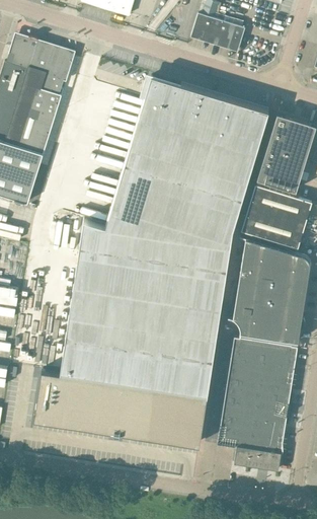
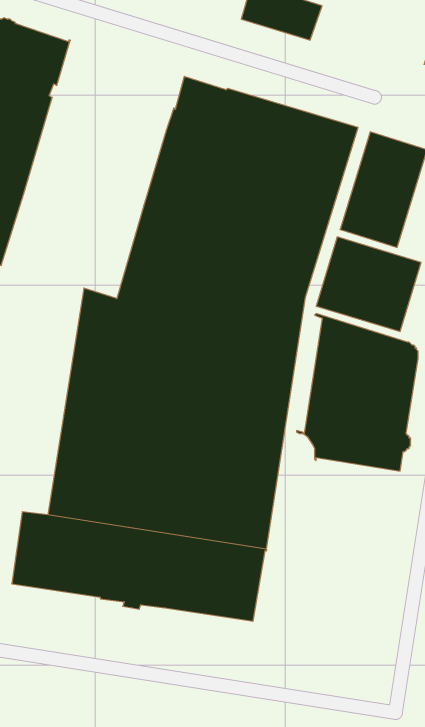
building: [218,337,298,470] -> none

